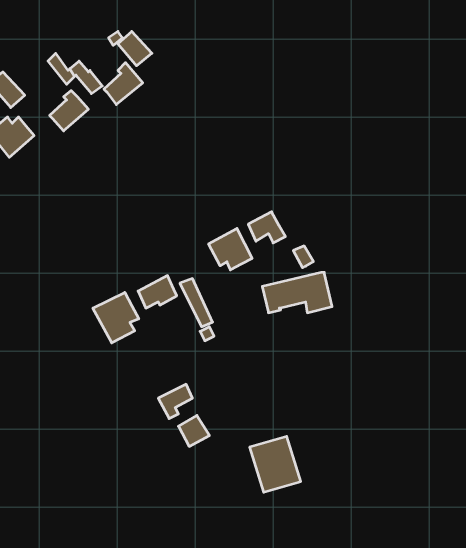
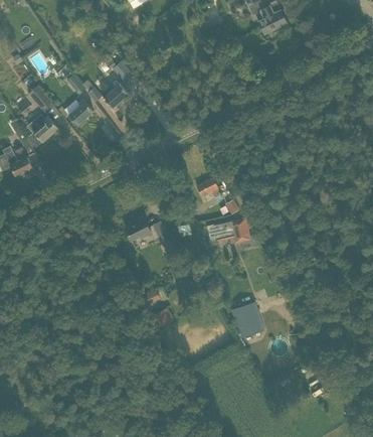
building: [209,228,252,270] -> none
building: [93,292,139,343] -> none
building: [250,436,301,492] -> [231,301,264,337]

